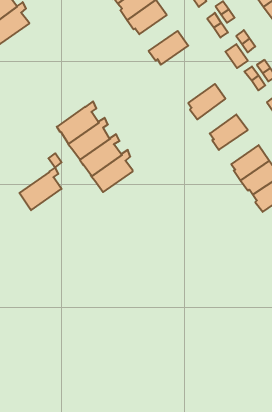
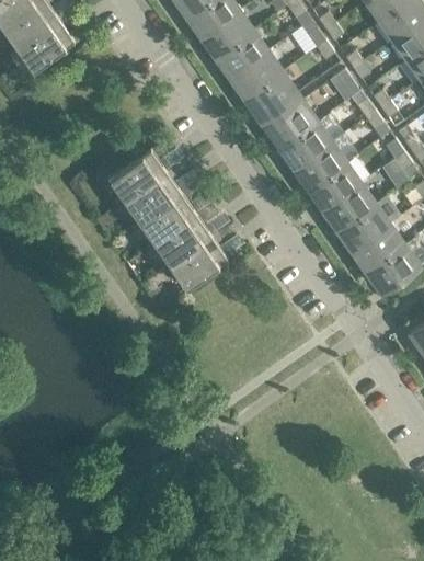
building: none -> [217,31,267,78]
building: none -> [245,71,297,119]
building: none -> [264,100,317,147]
building: none -> [294,141,345,187]
building: none -> [322,183,375,228]
building: [19,167,62,210] -> [169,231,225,288]

